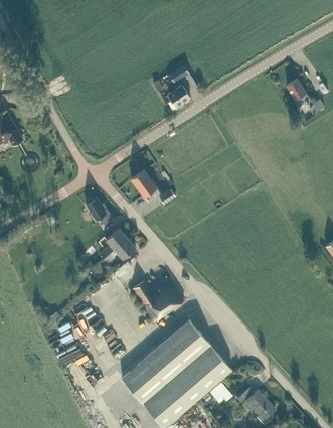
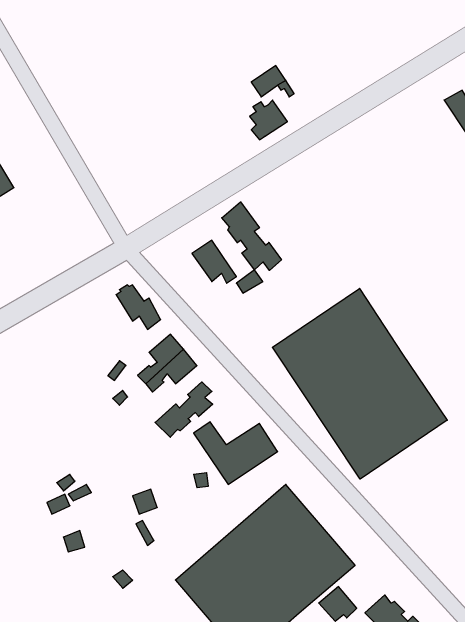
building: none -> [222,202,281,270]
building: none -> [272,288,447,479]
building: none -> [155,382,213,437]

